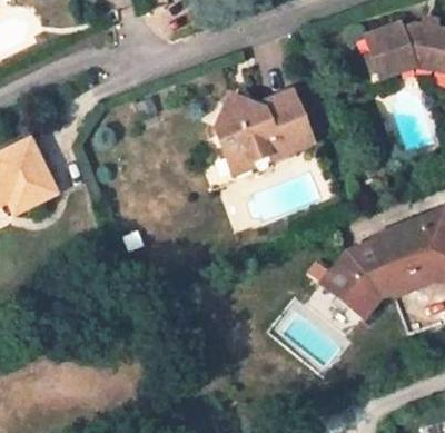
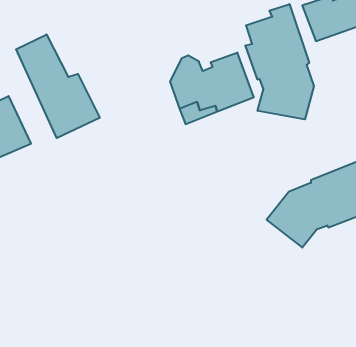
building: none -> [245,4,314,119]
building: none -> [16,34,100,138]

